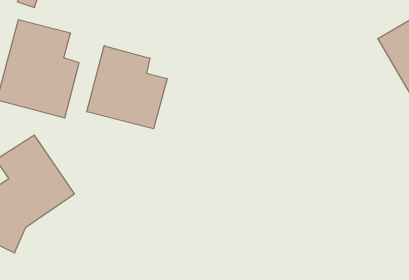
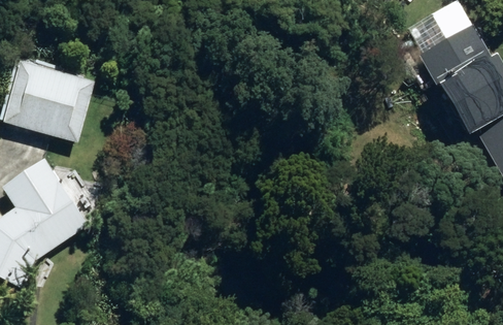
building: [87,46,167,129] -> none

